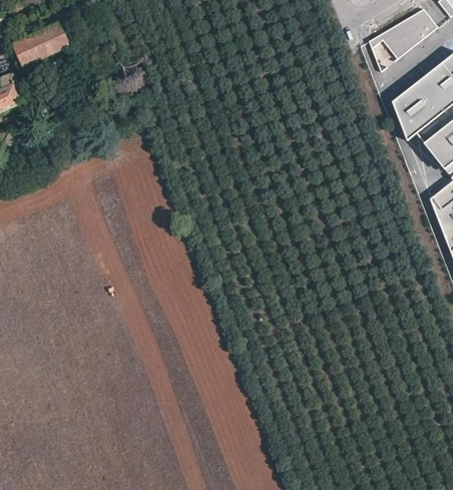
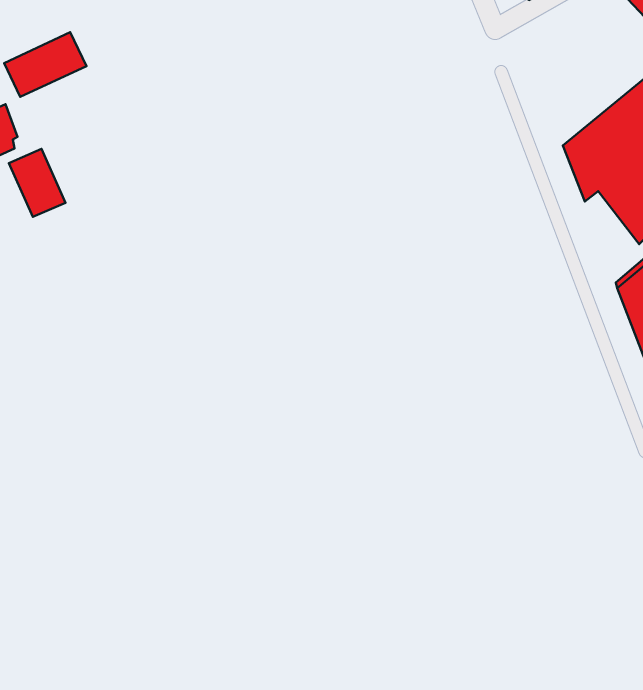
building: [371,9,441,64] -> none
building: none -> [9,149,66,217]

